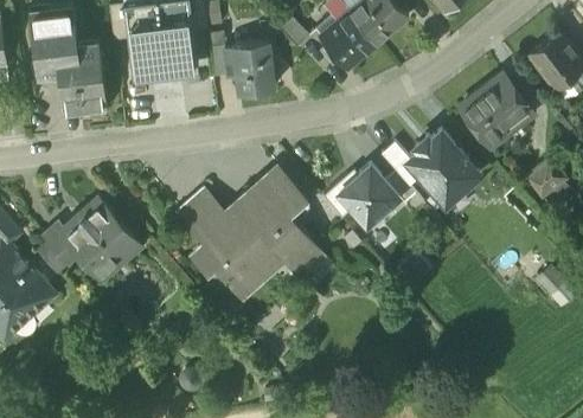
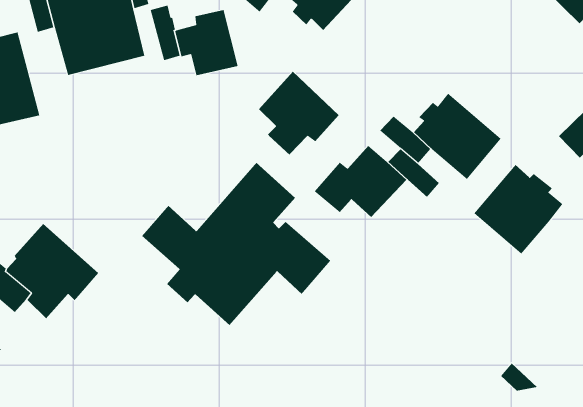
building: [461,75,532,146] -> none
building: none -> [258,71,339,155]
building: none -> [473,164,563,255]

